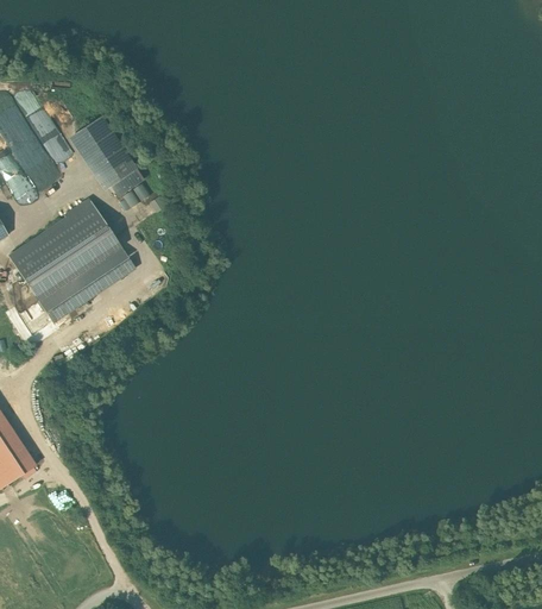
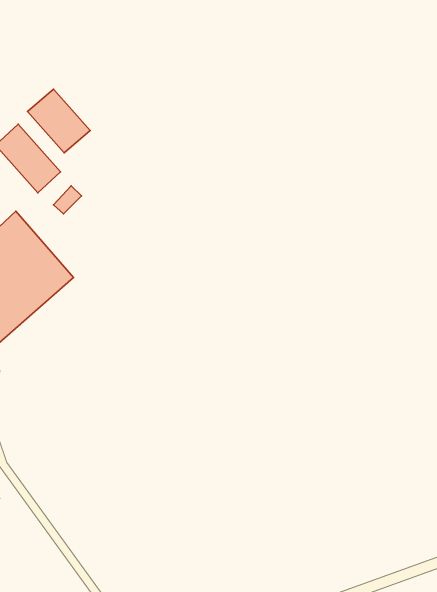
building: none -> [28,89,90,153]

